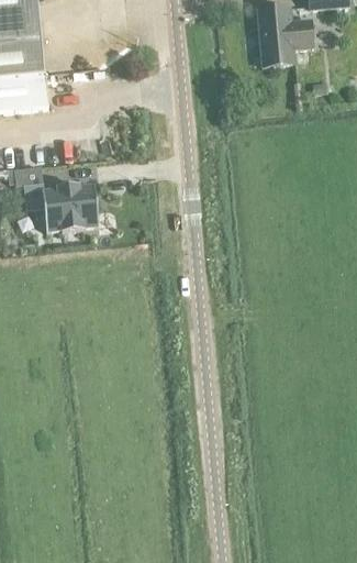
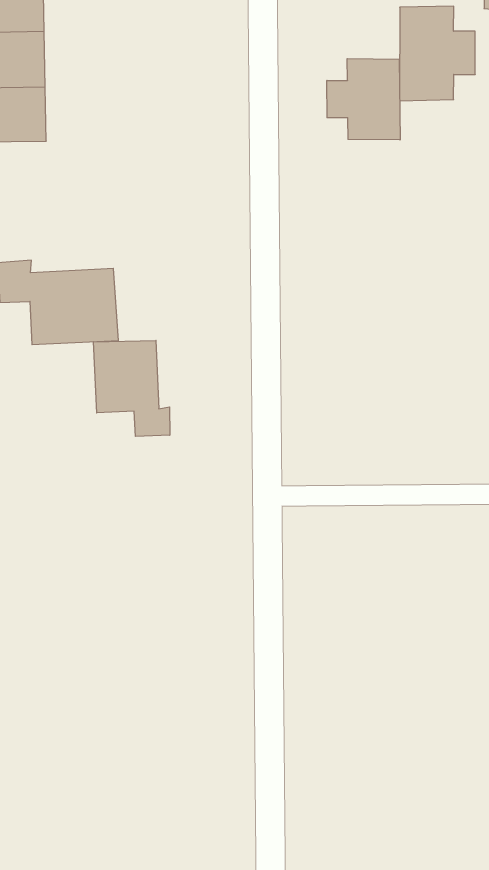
building: none -> [327,59,400,140]
building: none -> [94,340,170,436]

